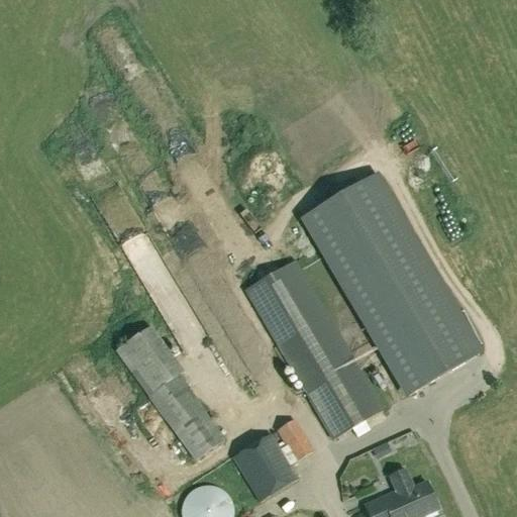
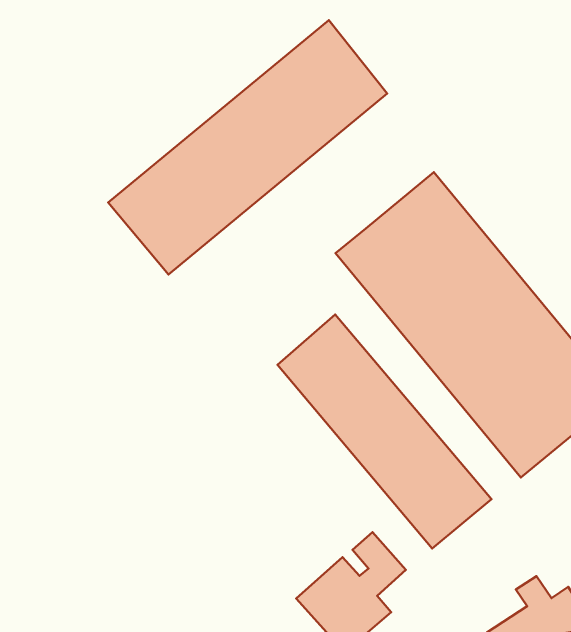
building: none -> [108,20,387,275]
building: [119,323,224,458] -> none

